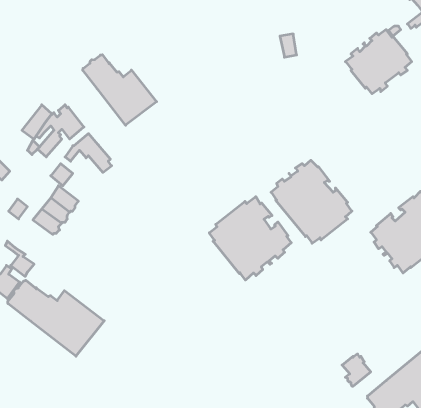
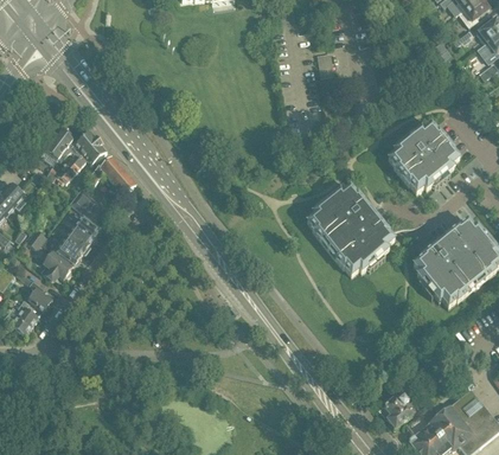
building: [345,30,412,94] -> [386,123,458,192]
building: [83,55,157,125] -> none
building: [209,197,291,280] -> none
building: none -> [39,250,71,280]
building: [8,280,104,356] -> none

